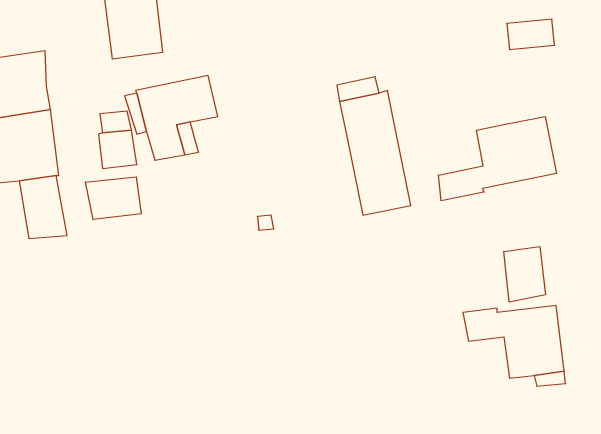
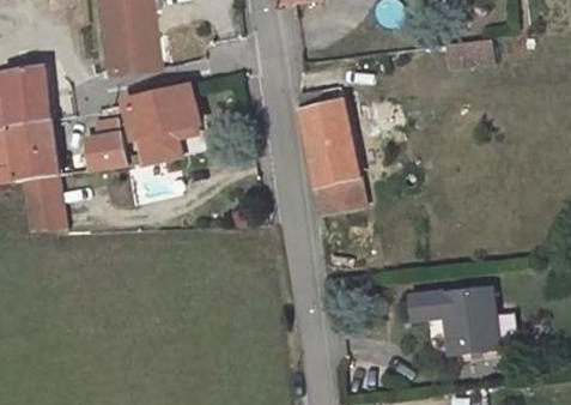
building: [438,117,556,201] -> none
building: [86,177,141,220] -> none
building: [504,247,545,302] -> none

